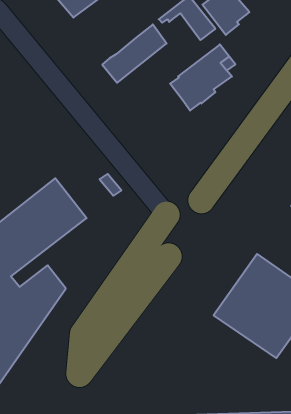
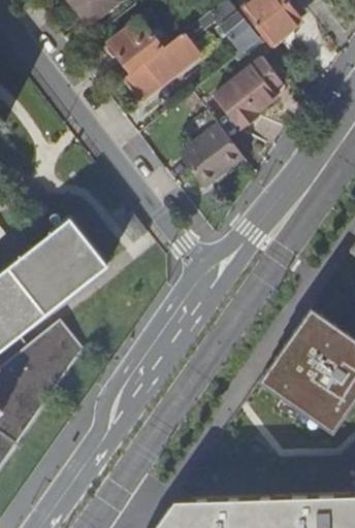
building: none -> [111,23,166,76]
building: none -> [182,125,245,189]

